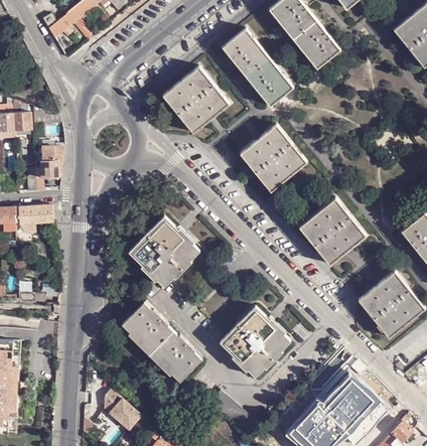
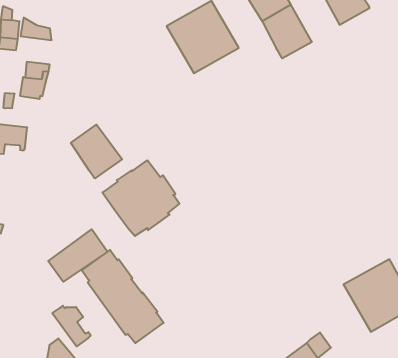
building: [239,124,306,191] -> none
building: none -> [71,125,122,178]
building: [298,197,365,265] -> none
building: none -> [48,229,107,282]
building: [219,307,290,378] -> none
building: none -> [52,306,90,346]

